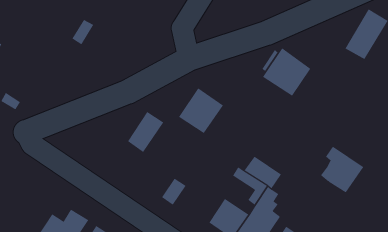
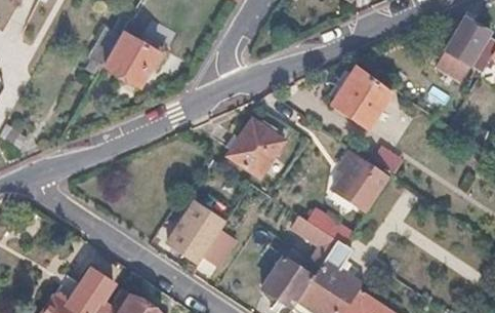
building: none -> [105,34,160,88]
building: [127,111,164,153] -> [170,204,216,257]
building: [320,146,364,193] -> [333,152,388,211]

